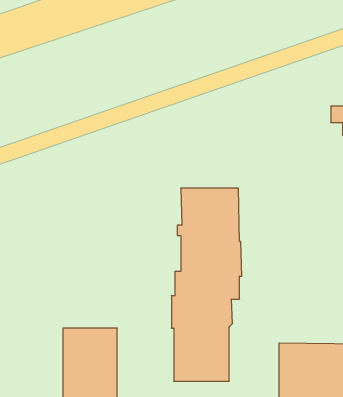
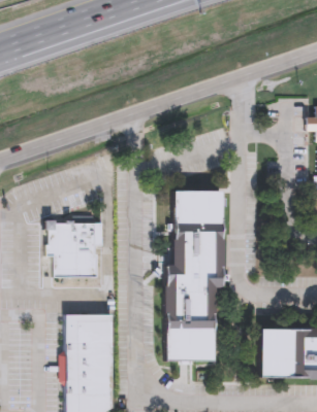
building: none -> [44,219,102,277]

